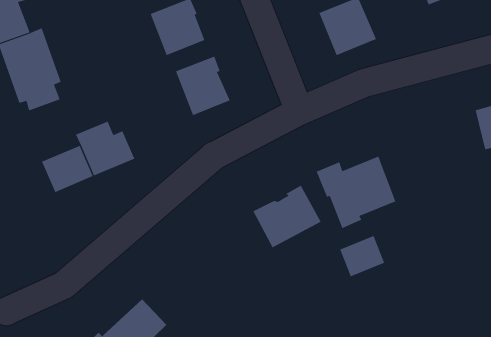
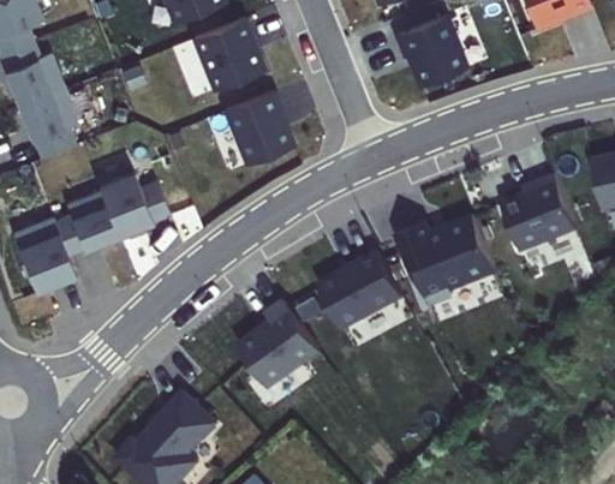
building: none -> [500,175,575,251]
building: none -> [12,222,78,298]
building: none -> [235,300,318,388]
building: [339,235,385,277] -> none

